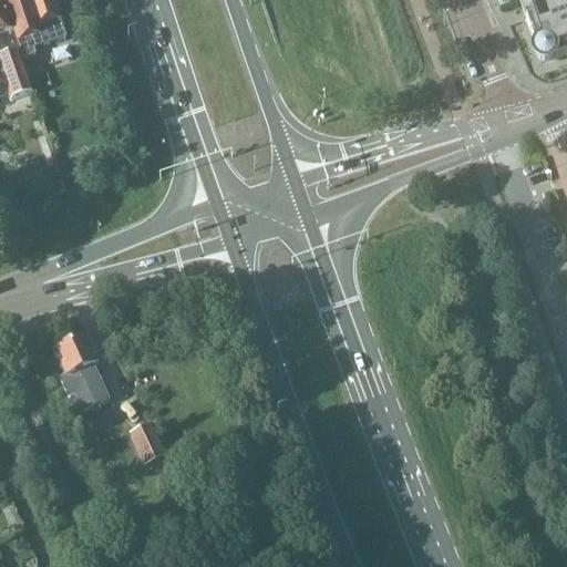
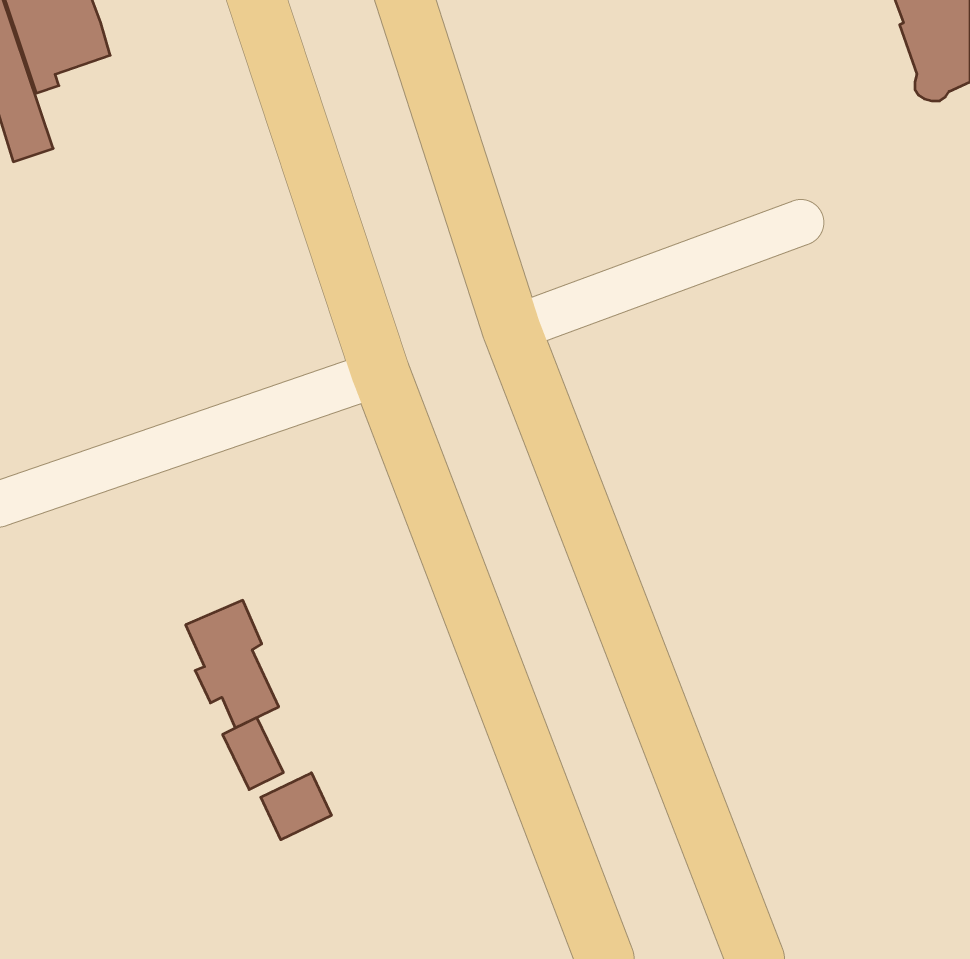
building: [52,332,106,406] -> [186,600,279,728]
building: none -> [261,773,331,840]

